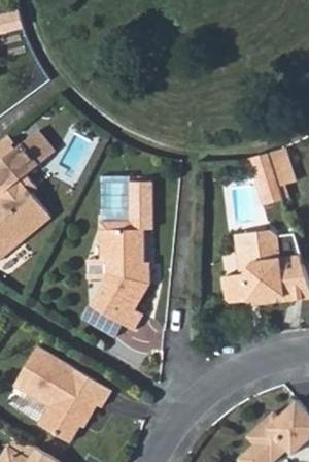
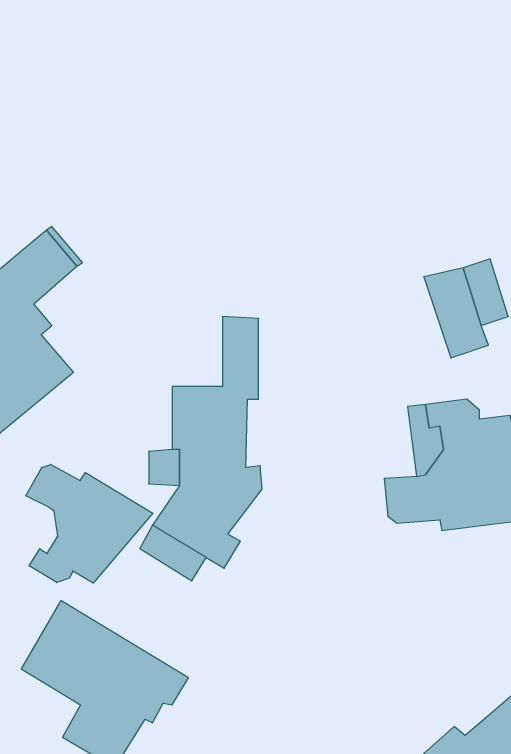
building: none -> [26,464,153,583]

